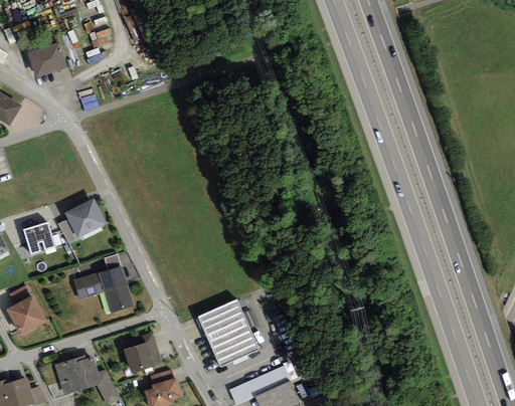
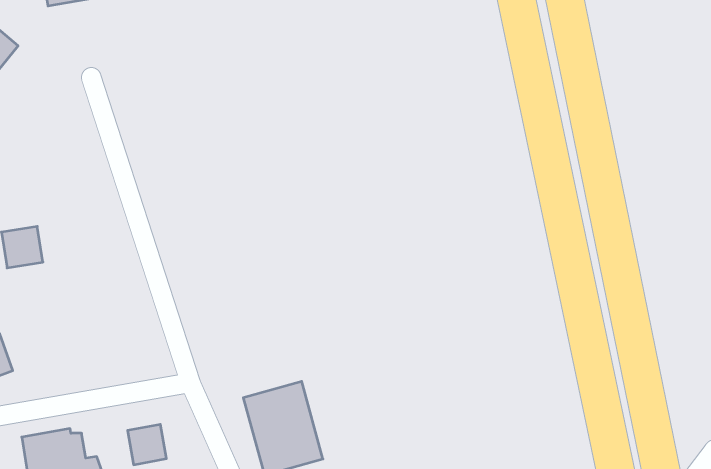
building: [65,200,103,236] -> none
building: [74,267,132,312] -> none

